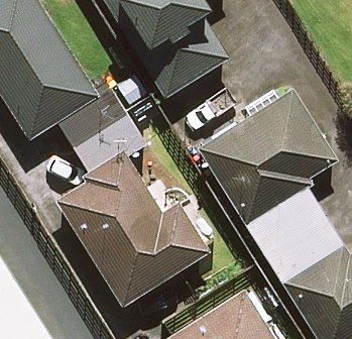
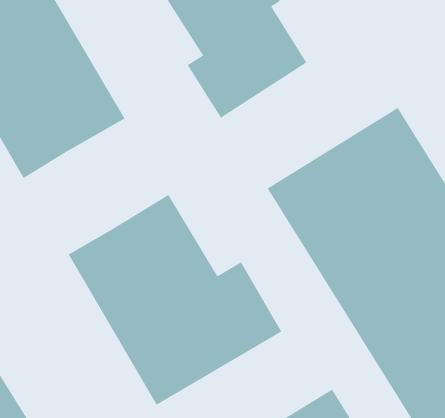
building: [53,89,143,178] -> none

